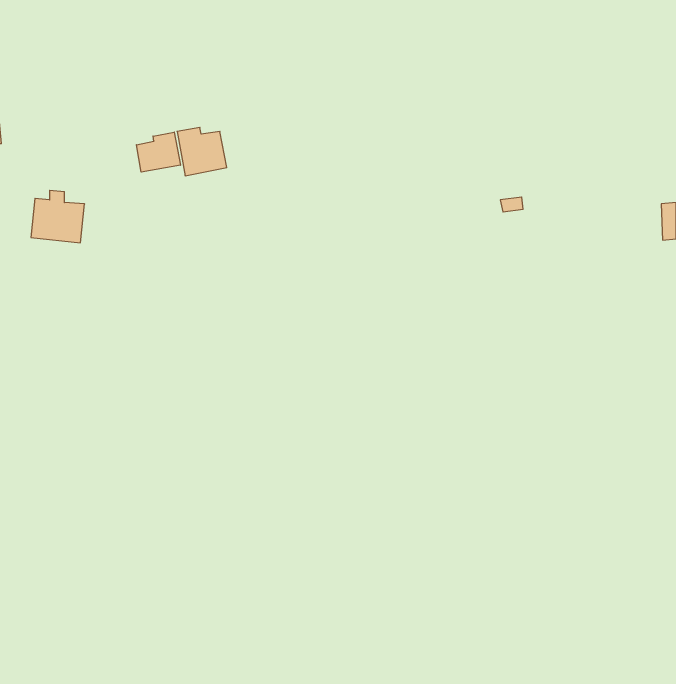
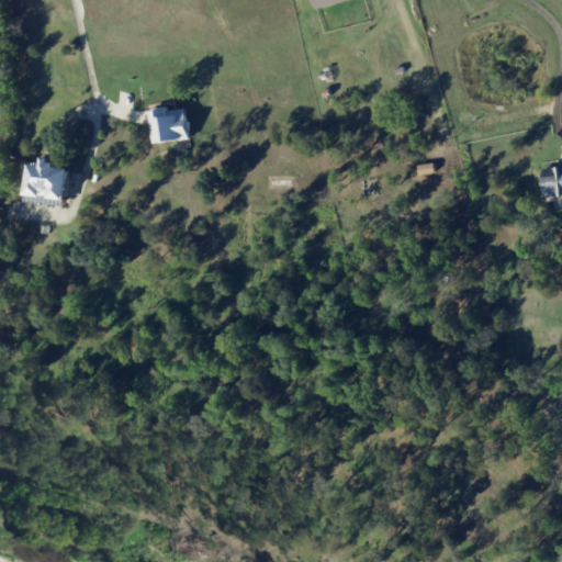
building: [136,132,180,172] -> none

